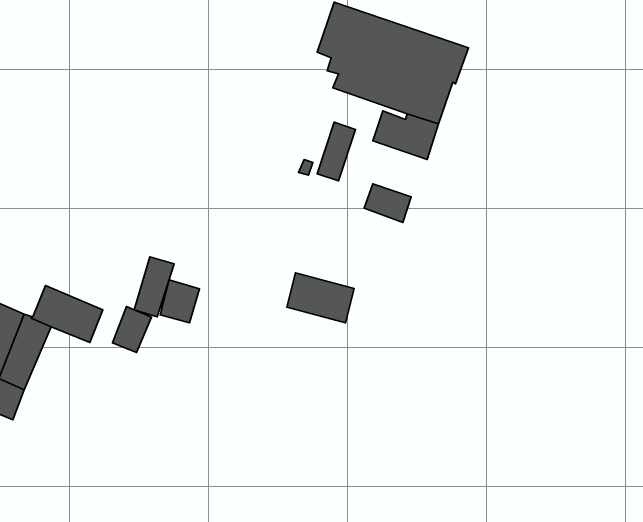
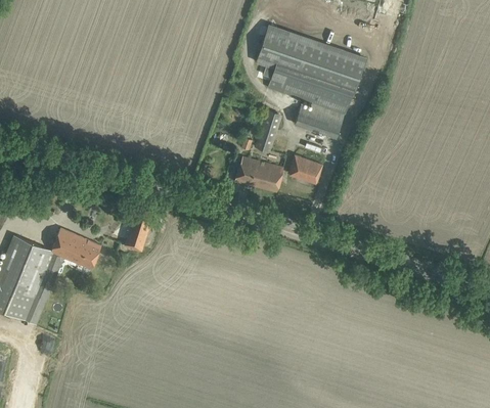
building: [287,273,354,323] -> [235,156,283,192]
building: [160,280,200,323] -> none
building: [113,306,152,353] -> none

